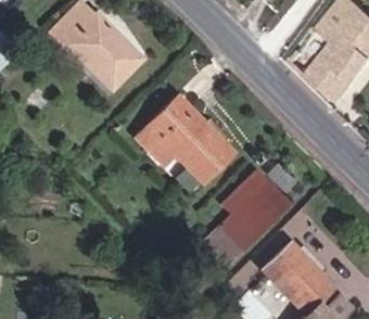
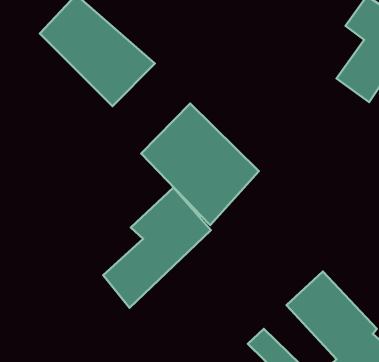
building: [200,167,293,271] -> [103,188,211,308]

